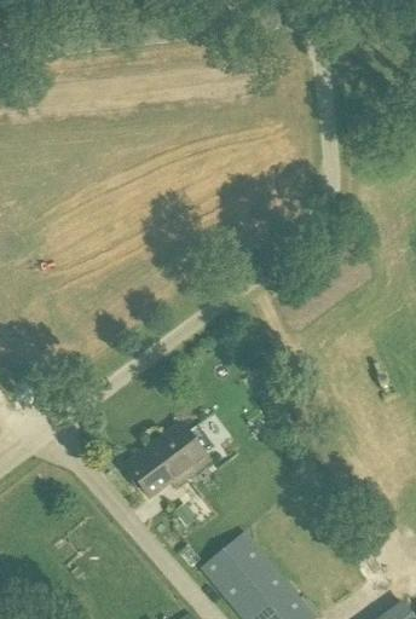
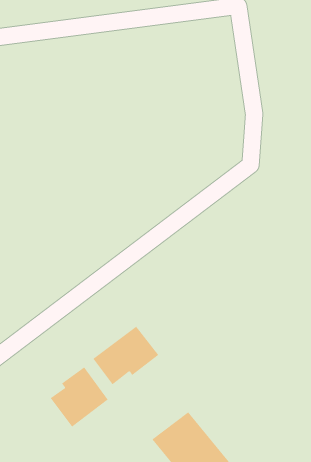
building: none -> [50,366,109,428]

